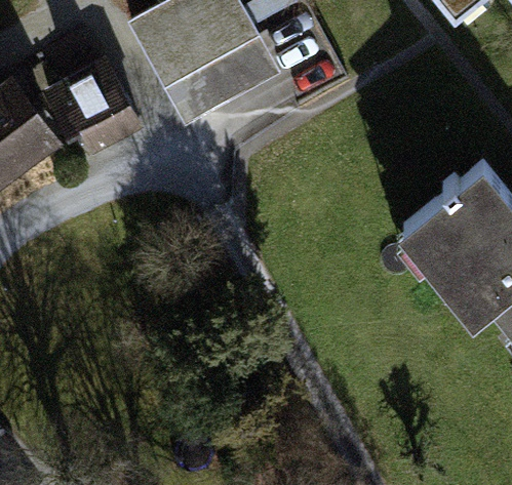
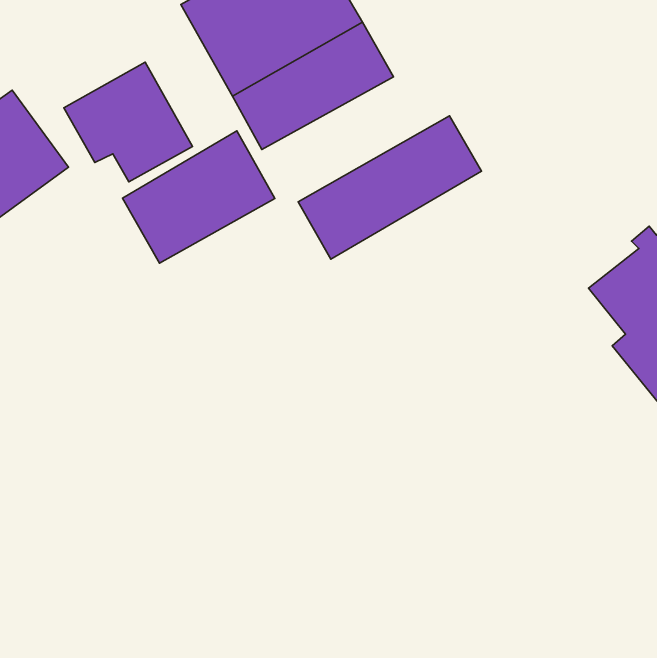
building: none -> [298,116,482,259]
building: none -> [122,131,275,263]

